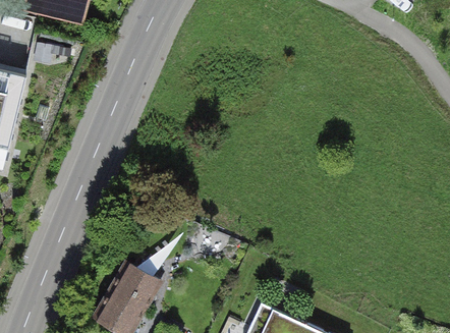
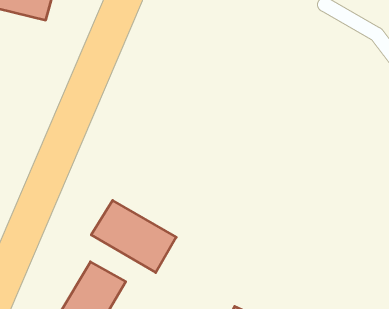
building: none -> [91,200,176,273]

